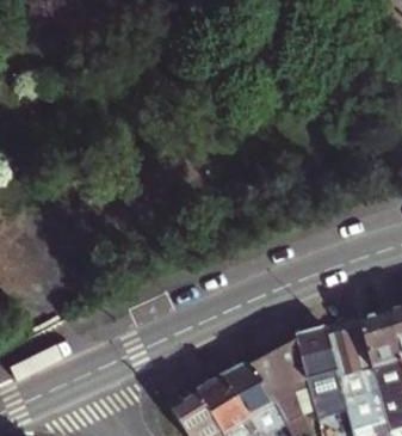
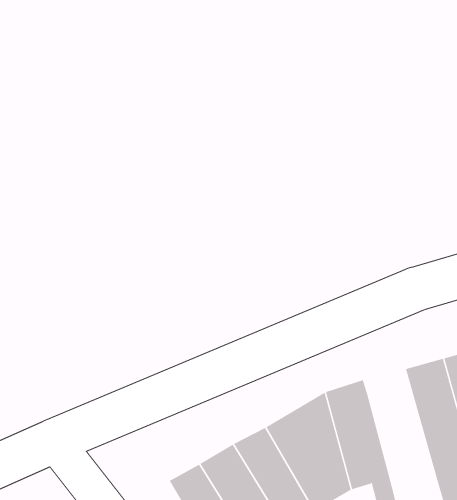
building: [329,331,383,416] -> none

